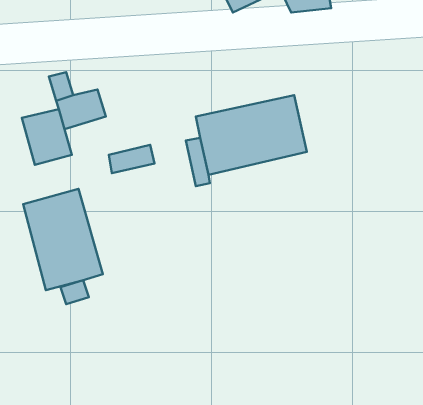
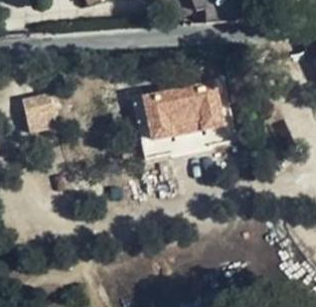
building: [23,189,103,290] -> none

